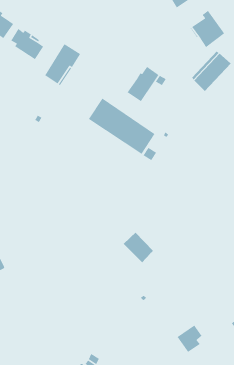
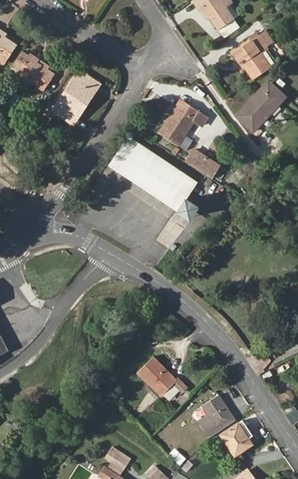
building: none -> [184,145,221,179]
building: [123,232,154,263] -> [135,357,175,396]
building: none -> [197,395,234,438]

